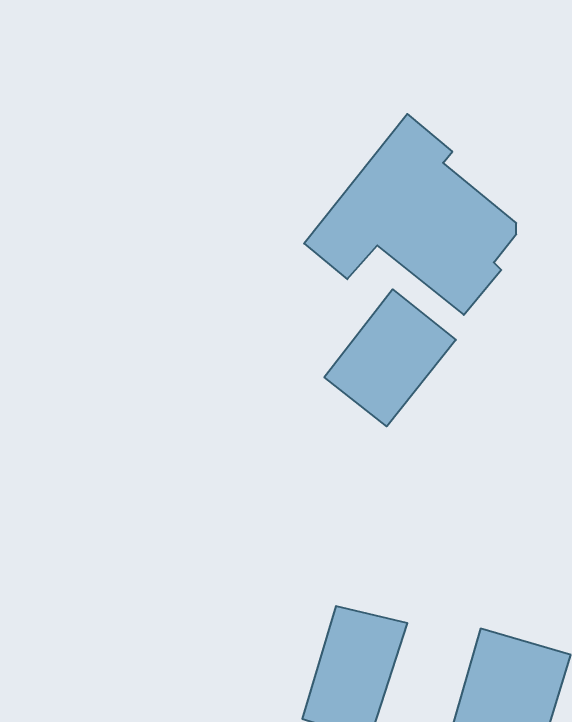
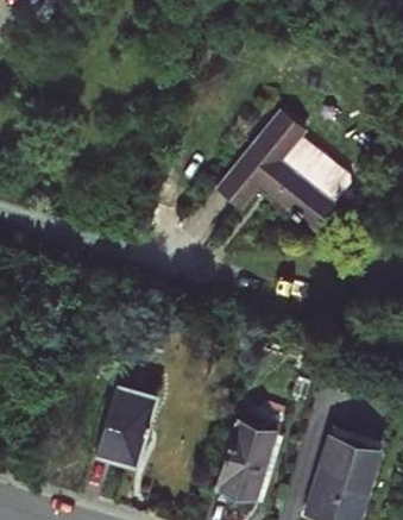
building: [324,289,456,426] -> none
building: none -> [95,380,160,468]

